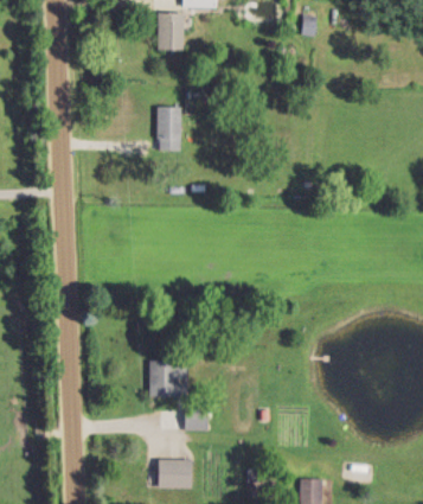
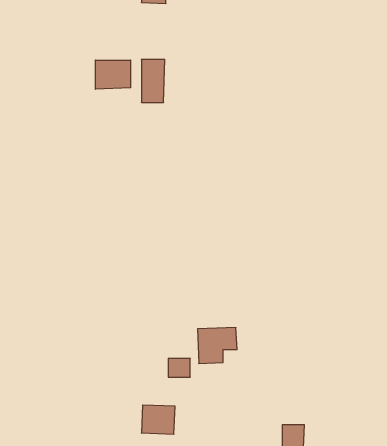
building: none -> [95,60,131,89]
building: [149,361,190,397] -> [198,328,237,364]

